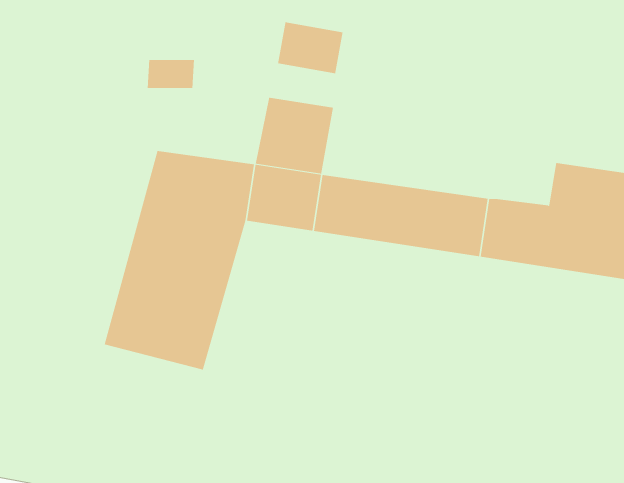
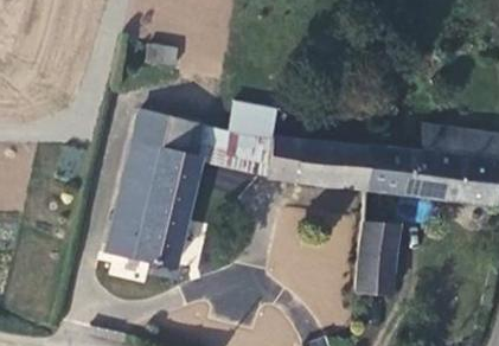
building: [277,21,343,74] -> none
building: none -> [351,220,396,290]

